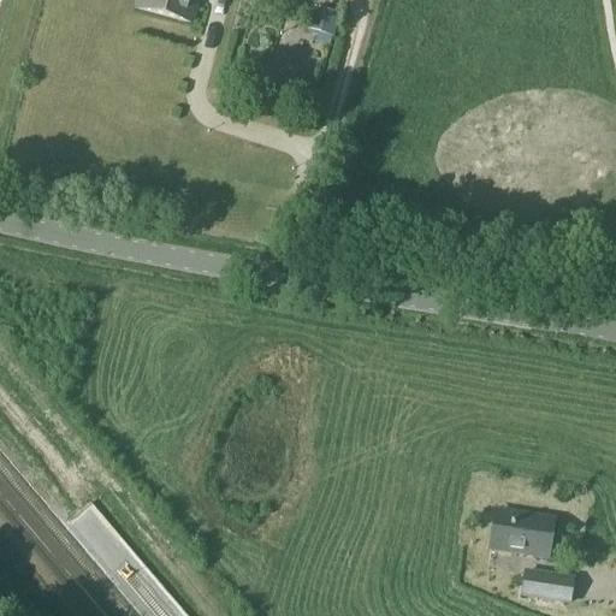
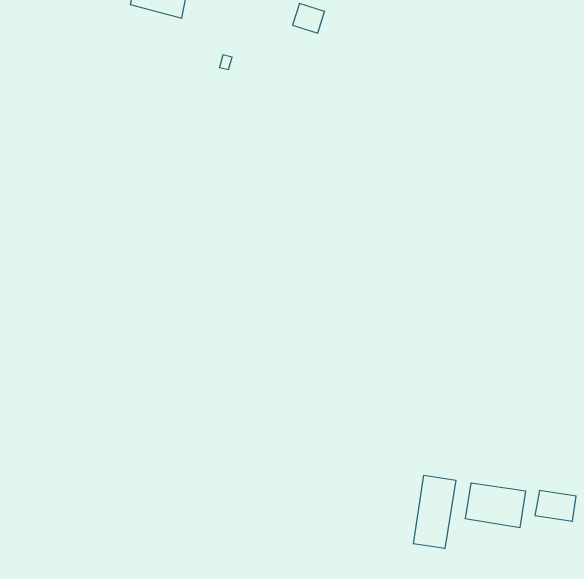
building: none -> [414,475,456,549]
building: [531,569,574,602] -> [535,490,576,521]

